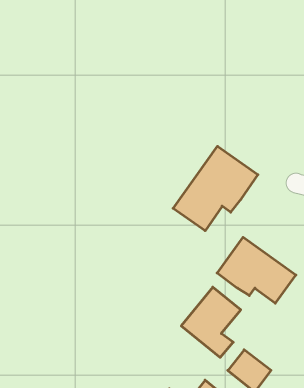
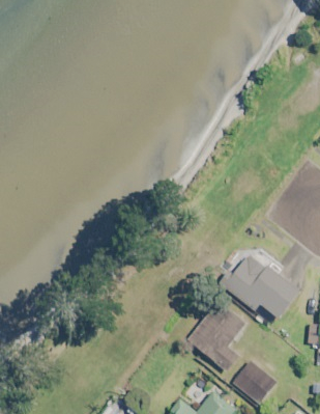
building: [173,146,258,231] -> none

